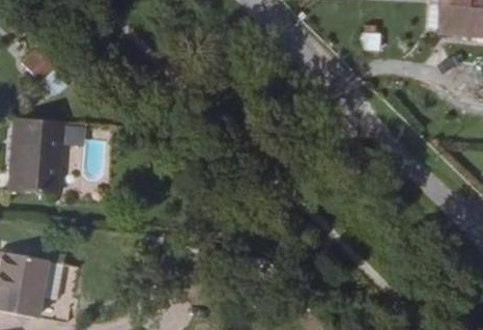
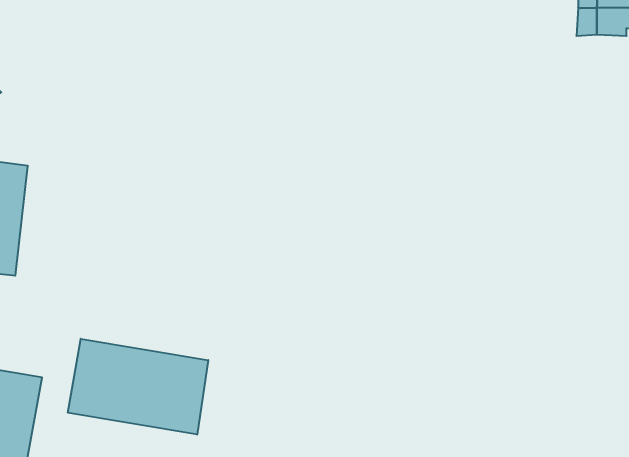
building: none -> [68,339,208,435]

